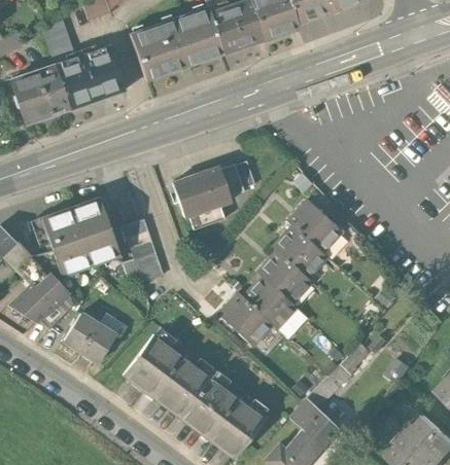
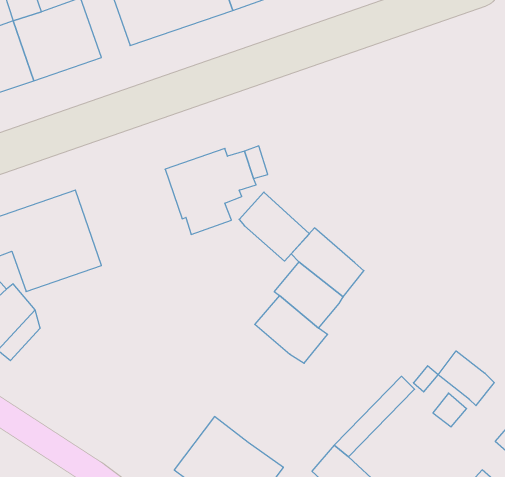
building: [286,199,342,253] -> [239,192,309,261]
building: [123,220,162,285] -> none
building: [217,295,271,346] -> none
building: [63,311,118,365] -> none
building: none -> [438,351,494,406]
building: [125,334,211,417] -> none

